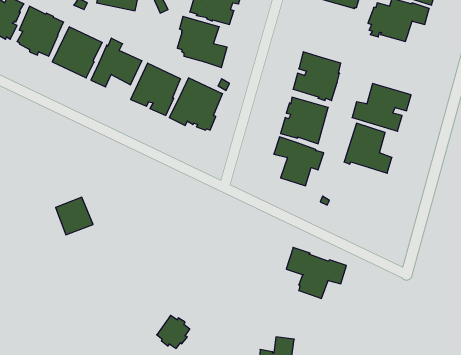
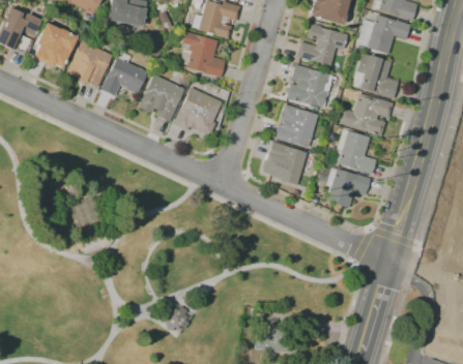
building: none -> [297,25,347,66]
building: none -> [352,54,399,98]
building: [286,247,346,299] -> [316,162,371,209]

